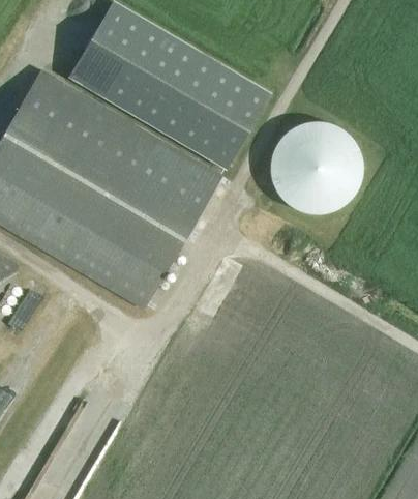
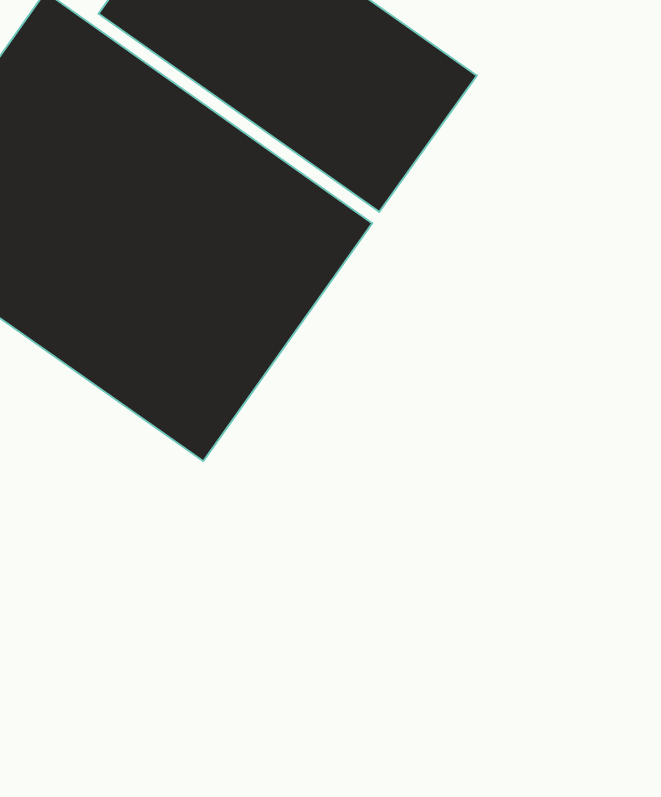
building: [270,119,365,214] -> none

